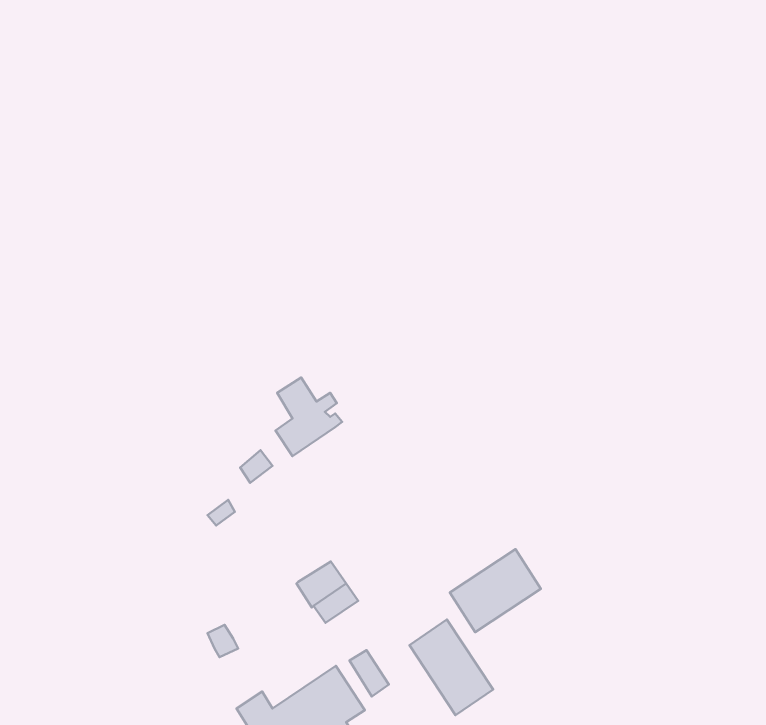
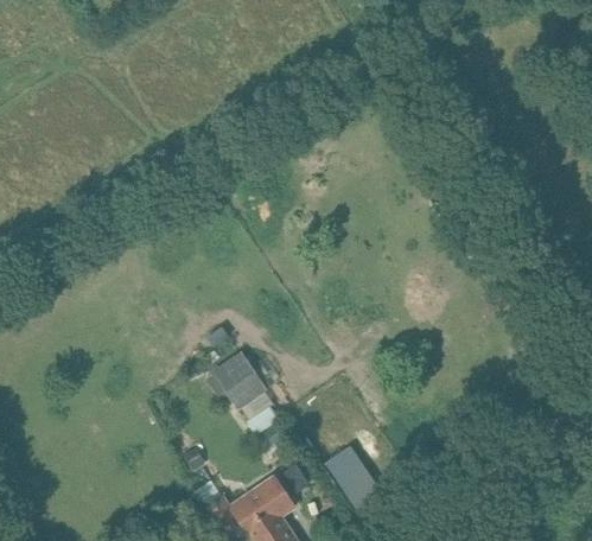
building: [275,378,342,456] -> [224,354,270,408]
building: [450,549,541,632] -> none

